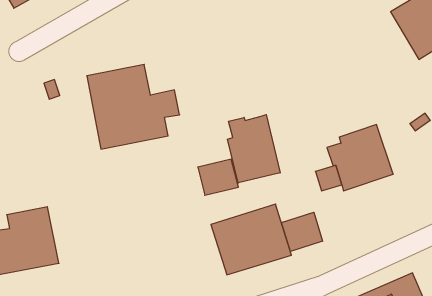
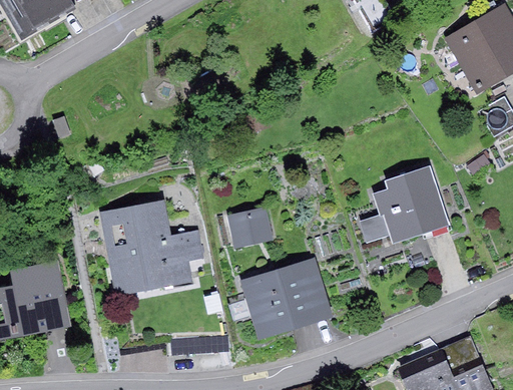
building: [87,64,180,149] -> [99,200,204,296]
building: [228,115,280,183] -> none
building: [282,212,323,251] -> none

